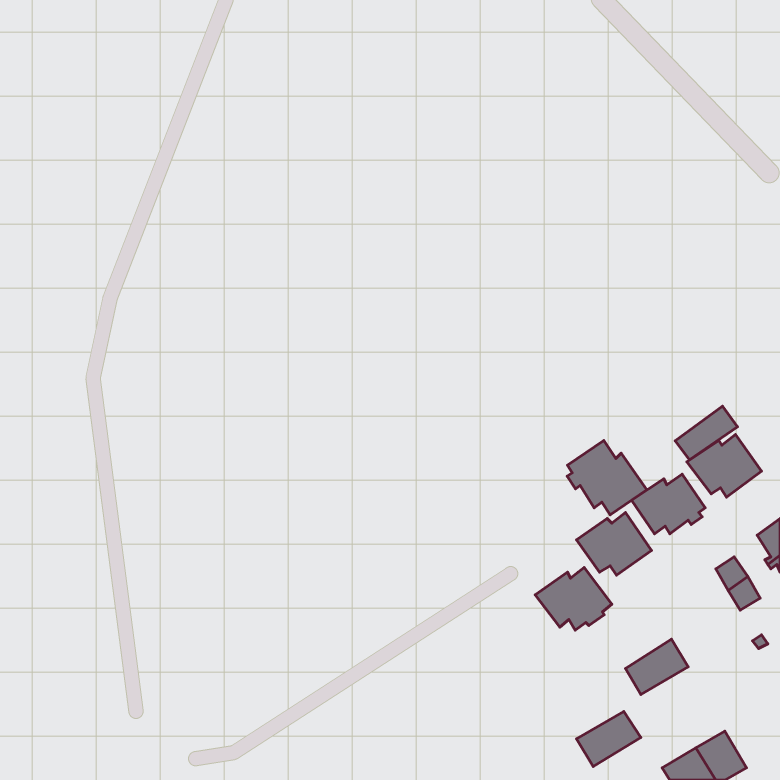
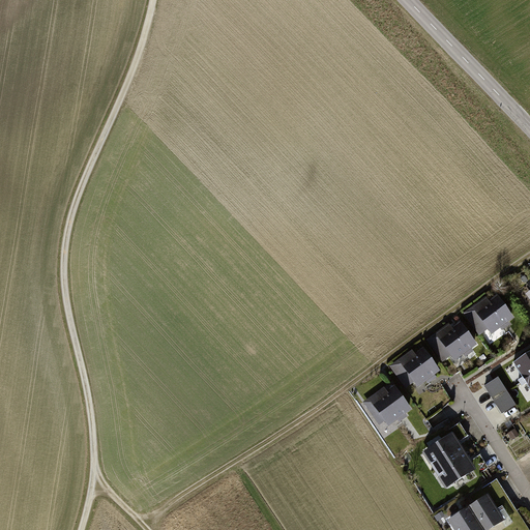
building: [675,406,737,460] -> none
building: [567,440,647,515] -> none
building: [576,711,641,766] -> [434,451,477,489]

